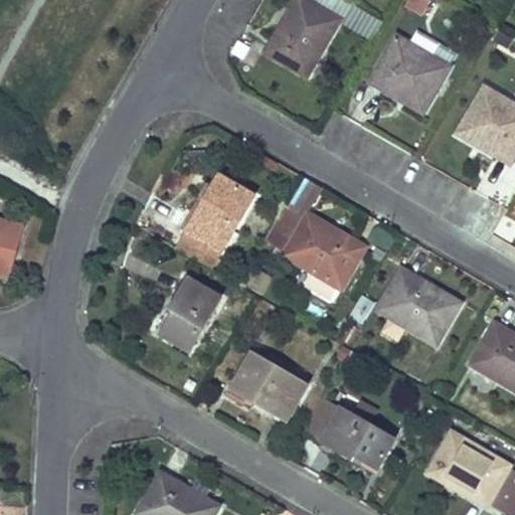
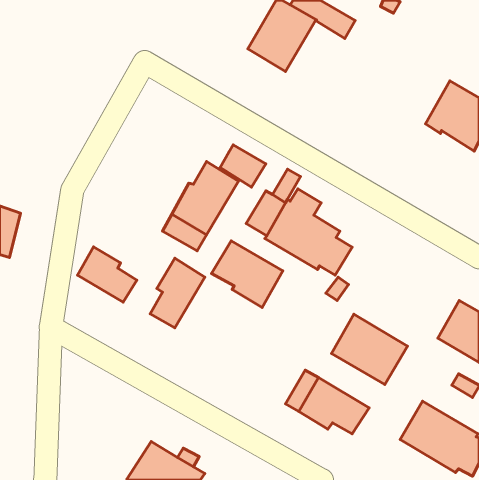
building: [370,36,447,112] -> none
building: none -> [220,145,266,187]
building: none -> [78,247,137,302]
building: [376,268,458,343] -> [331,314,407,385]
building: [230,350,307,421] -> [212,241,283,307]

